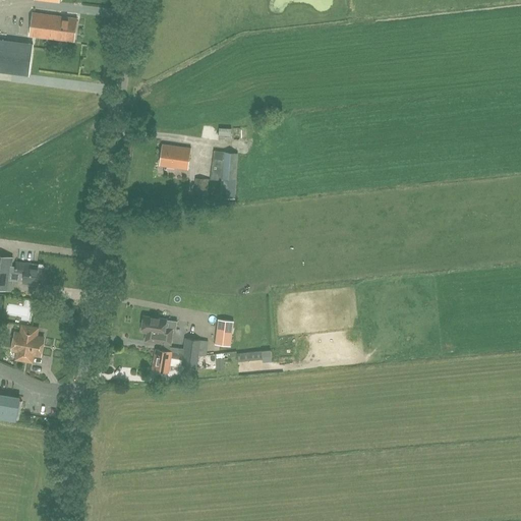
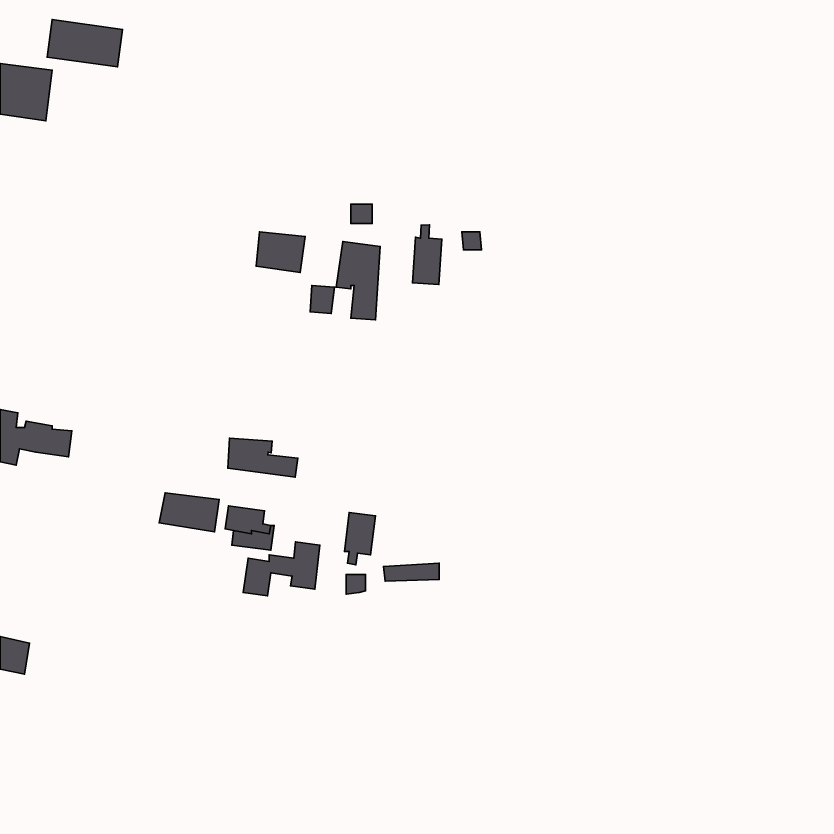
building: none -> [413,225,442,285]
building: none -> [228,438,298,477]
building: none -> [159,493,219,532]
building: [11,326,43,362] -> none

